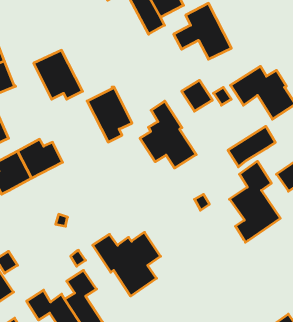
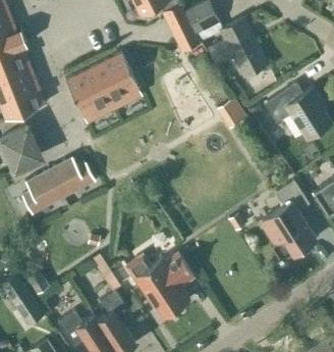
building: [87,87,132,142] -> [94,54,140,110]
building: [140,101,196,168] -> none
building: [228,126,275,167] -> none

